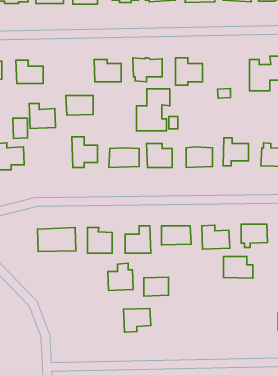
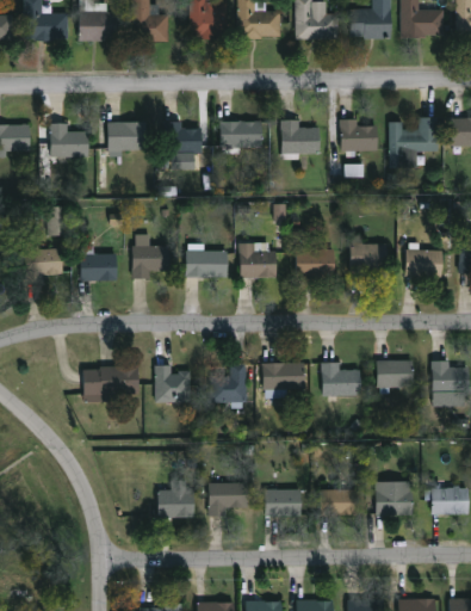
building: none -> [340,118,378,156]
building: [137,89,170,131] -> none
building: [66,95,93,115] -> [107,122,147,150]
building: [29,104,56,128] -> [79,246,117,282]
building: [224,257,253,278] -> none
building: [108,263,133,290] -> [156,479,193,518]
building: [144,277,169,296] -> [264,489,299,517]
building: none -> [374,481,411,516]
building: none -> [318,488,359,516]

